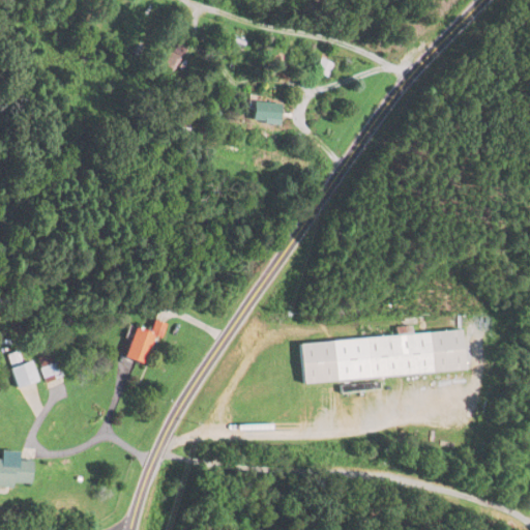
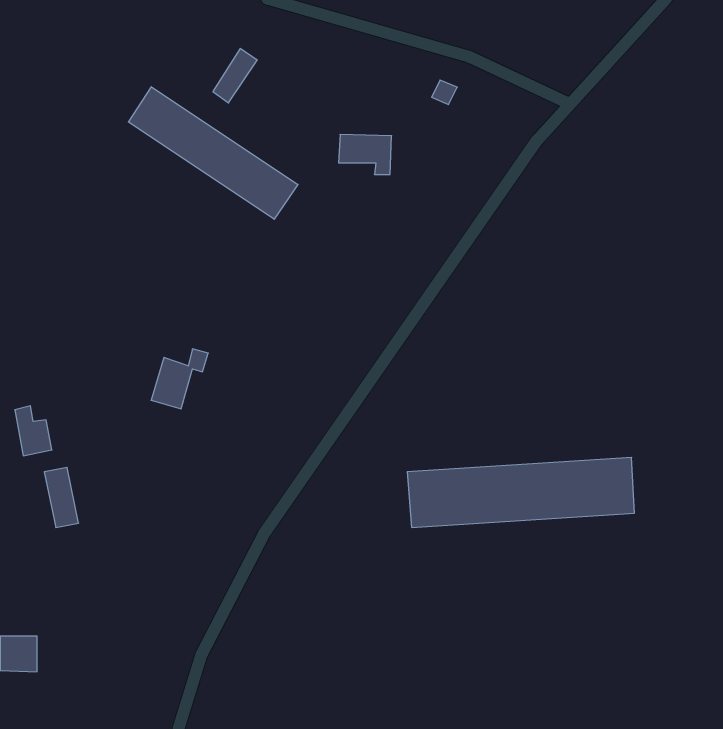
building: none -> [128,87,298,219]
building: [126,321,168,364] -> [151,349,208,409]
building: [11,351,38,387] -> [15,406,52,456]

